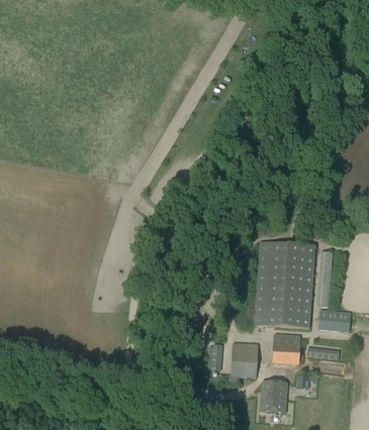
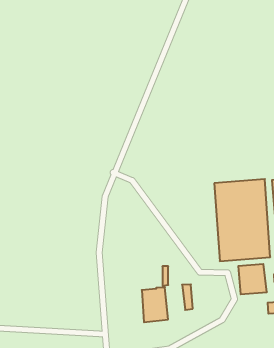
building: [229,342,257,377] -> [142,287,168,322]
building: [261,383,285,411] -> none

